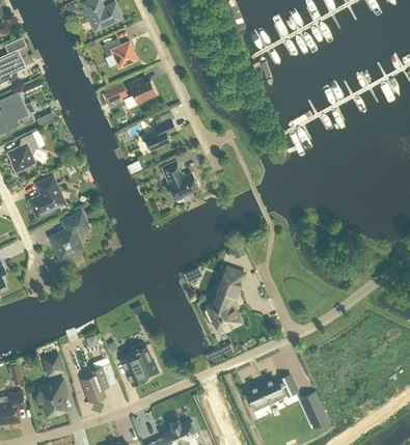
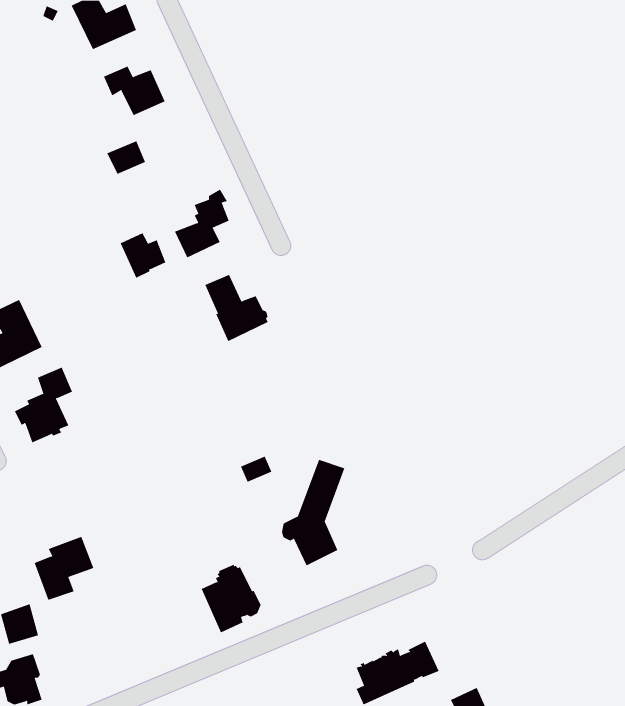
building: [129,77,156,104] -> [120,232,166,279]
building: [121,343,157,384] -> [201,564,261,633]
building: [81,363,116,400] -> [34,536,94,600]

